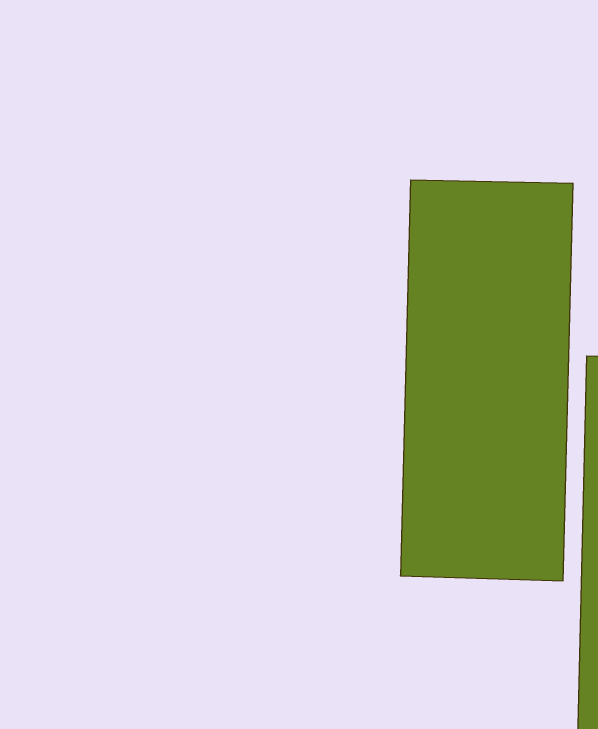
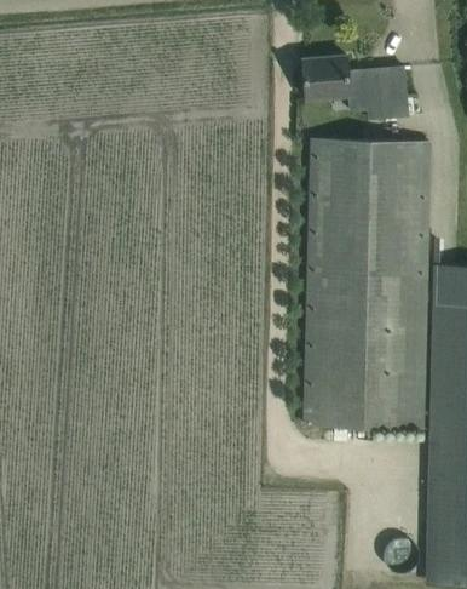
building: none -> [302,56,407,119]

